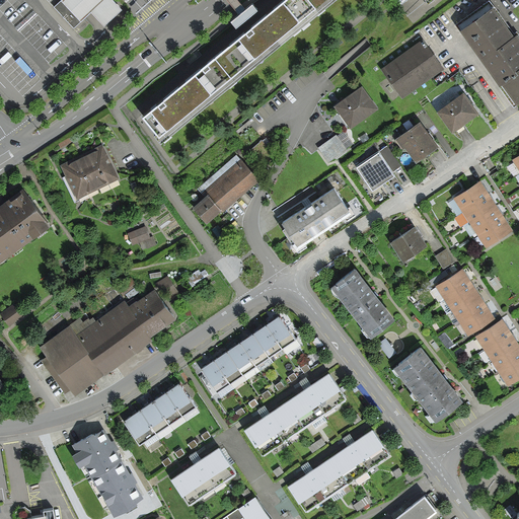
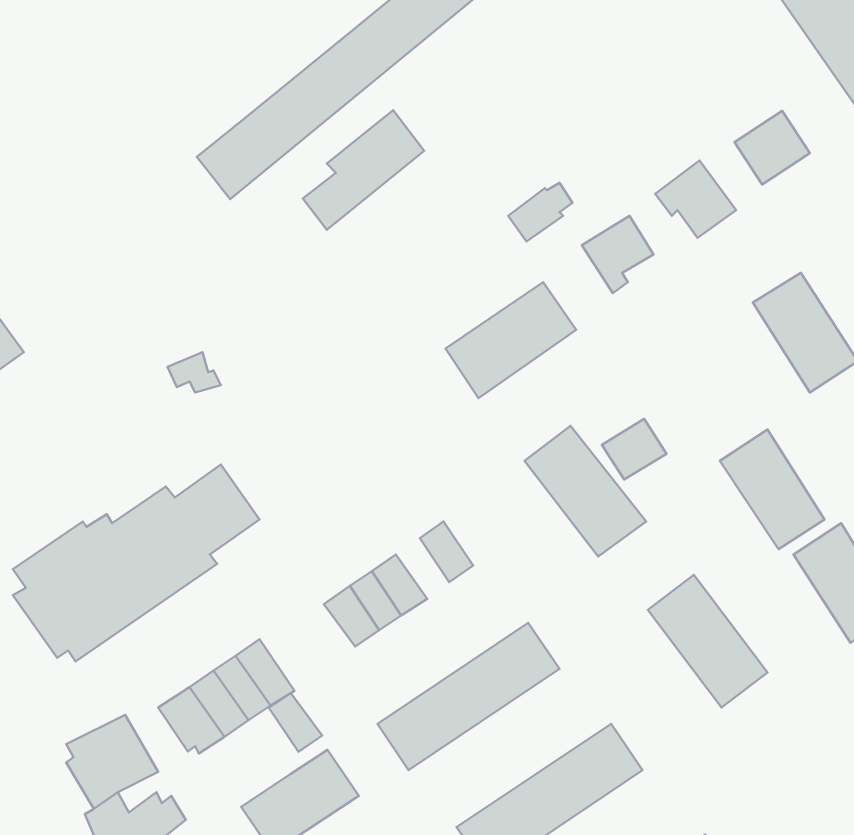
building: [383,39,446,98] -> none
building: [338,87,380,128] -> none
building: [61,144,120,199] -> none
building: [194,158,261,224] -> [303,110,424,230]
building: [384,226,420,260] -> [602,419,666,480]
building: [253,327,283,361] -> none
building: [202,364,231,396] -> [269,693,322,752]

